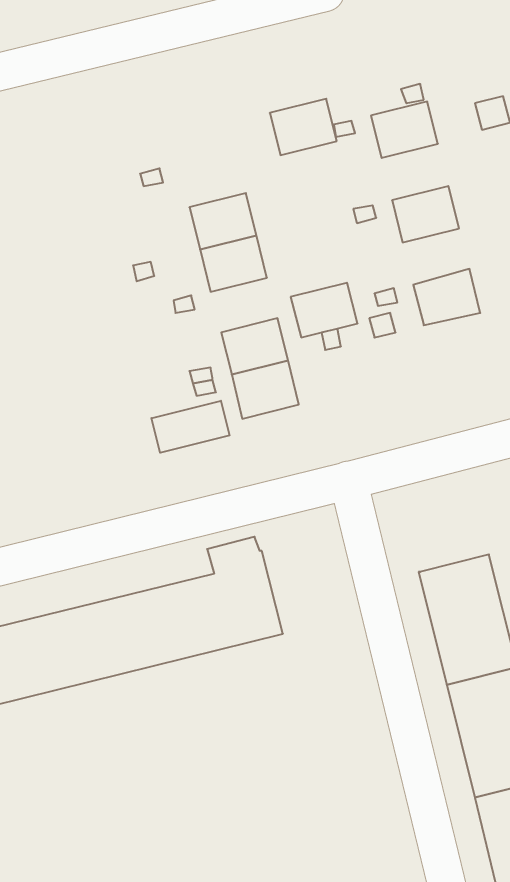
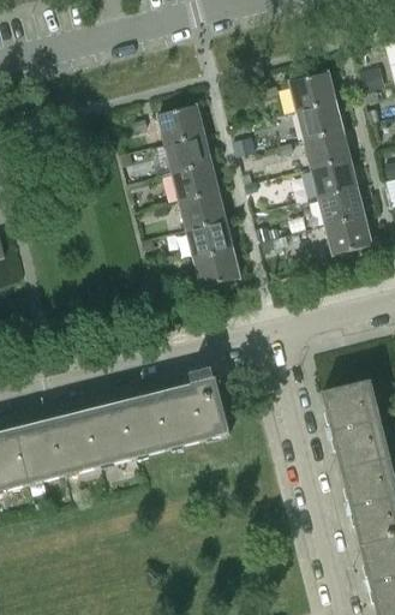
building: [270,99,337,155] -> [157,103,203,142]
building: none -> [295,98,341,137]
building: none -> [310,156,355,195]
building: [291,283,358,337] -> [179,190,225,227]
building: none -> [324,214,370,252]
building: [151,401,230,453] -> none

